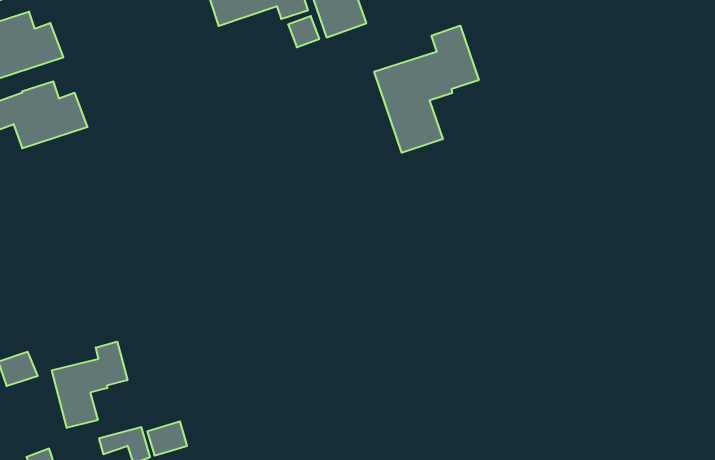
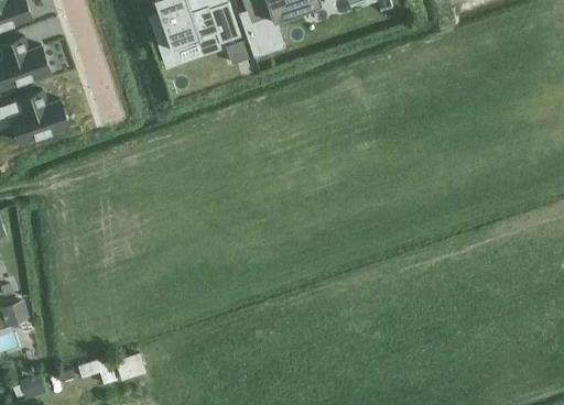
building: [374,26,479,153] -> none
building: [52,342,127,428] -> none

